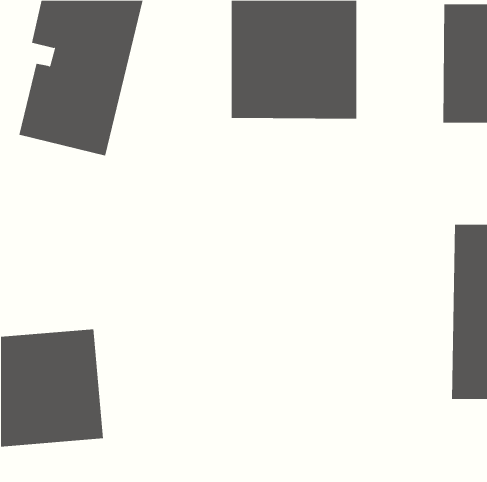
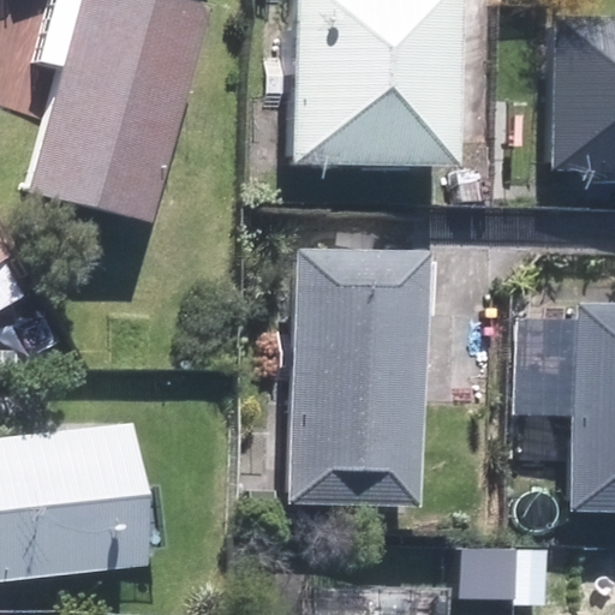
building: none -> [295,274,414,500]

